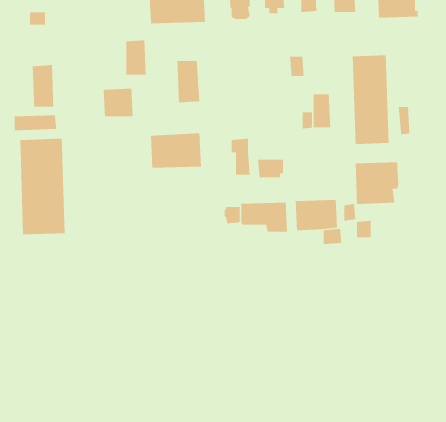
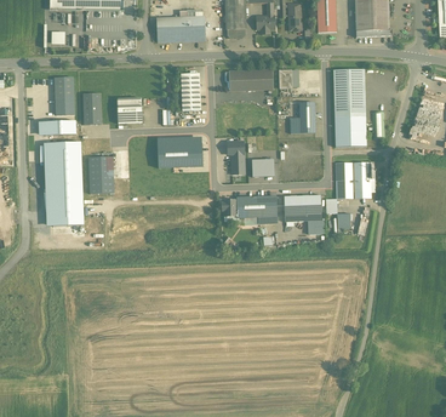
building: [126,39,147,76] -> [84,92,102,124]
building: none -> [224,69,273,90]
building: none -> [88,156,114,193]

